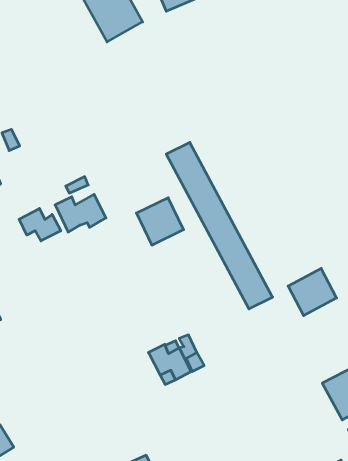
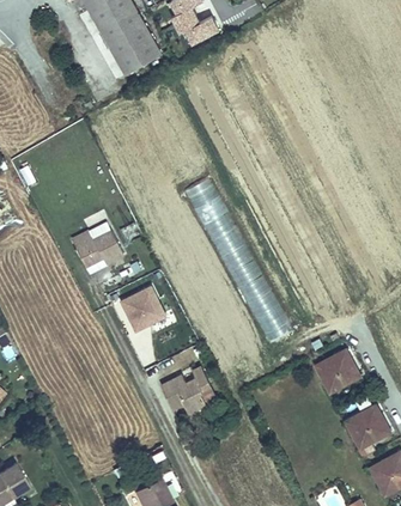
building: [136,198,184,245] -> [119,284,166,331]
building: [19,208,61,241] -> none
building: [288,268,337,316] -> [314,348,363,396]

